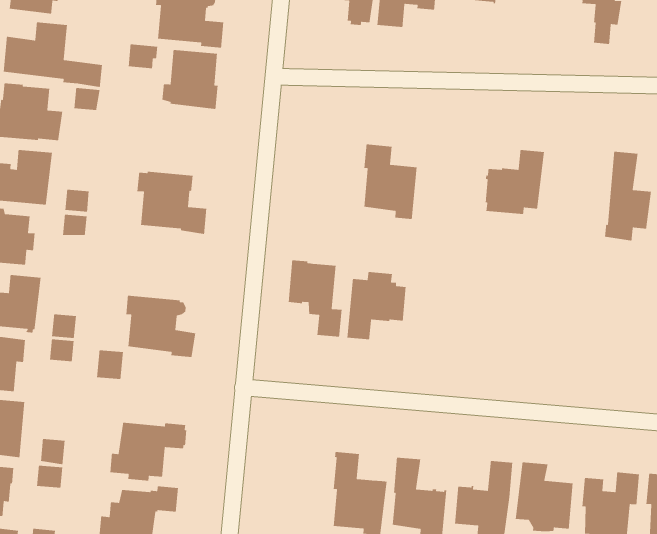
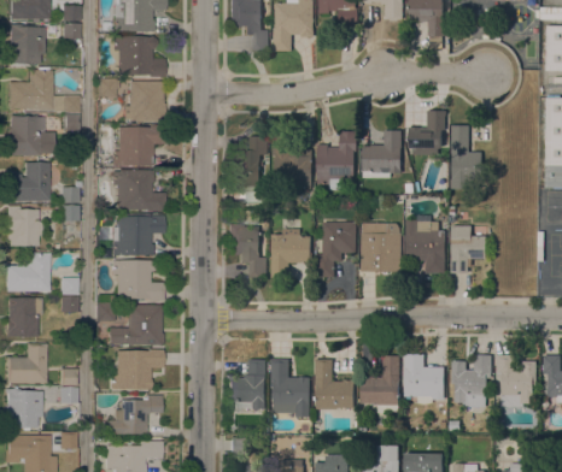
building: none -> [111,125,164,166]
building: none -> [408,110,445,154]
building: none -> [228,136,268,187]
building: none -> [317,130,357,189]
building: none -> [111,214,162,255]
building: none -> [317,222,356,277]
building: none -> [361,222,400,271]
building: none -> [405,219,445,272]
building: none -> [450,225,486,273]
building: none -> [107,305,162,347]
building: none -> [227,359,265,408]

